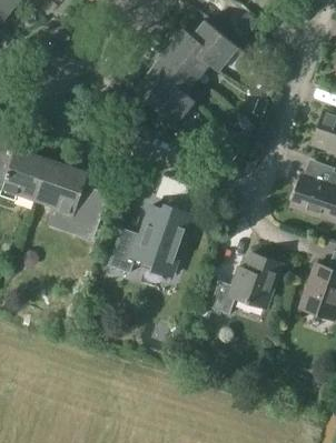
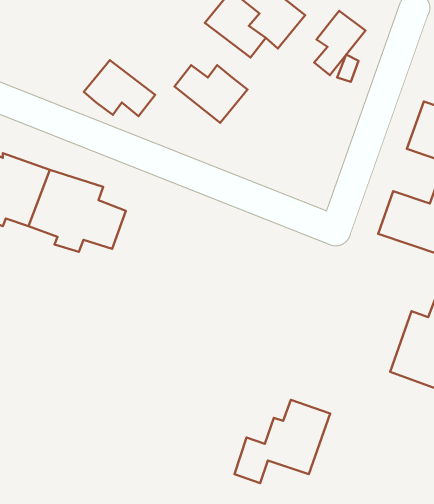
building: none -> [314,11,366,75]
building: [145,52,197,93] -> [84,60,155,116]
building: [108,204,190,275] -> none
building: [210,254,280,315] -> [234,400,330,483]

